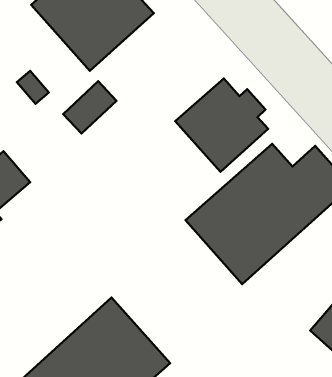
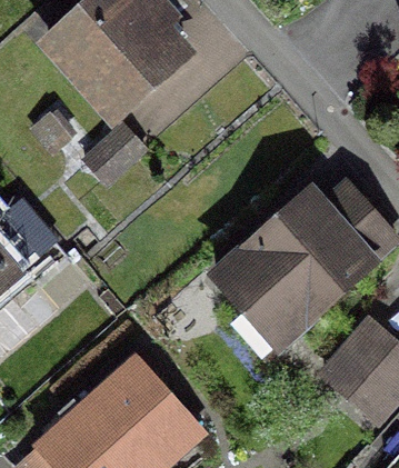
building: [175,78,268,172] -> none

